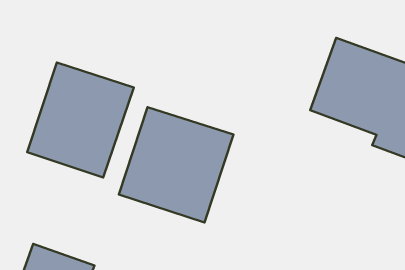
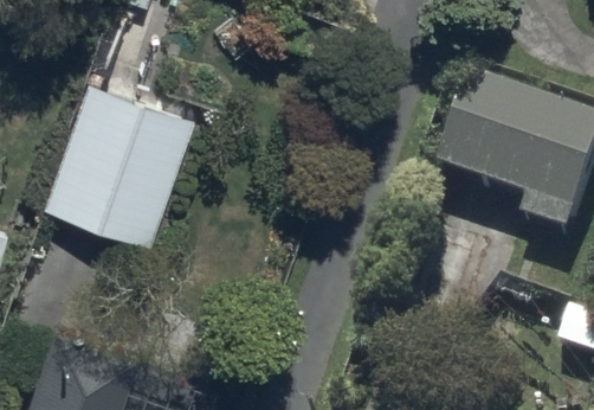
building: [119,107,234,223] -> none

